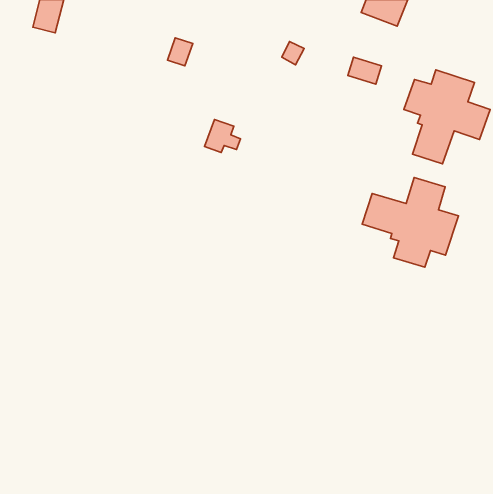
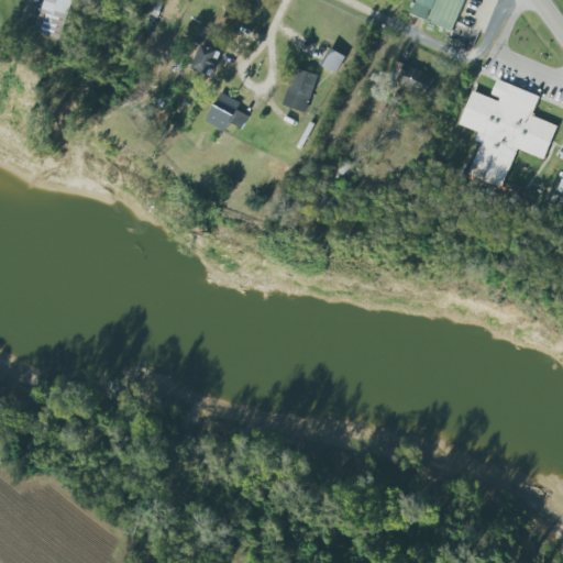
building: none -> [280,67,317,112]
building: [205,119,240,152] -> [206,92,246,130]
building: [362,178,458,267] -> none

